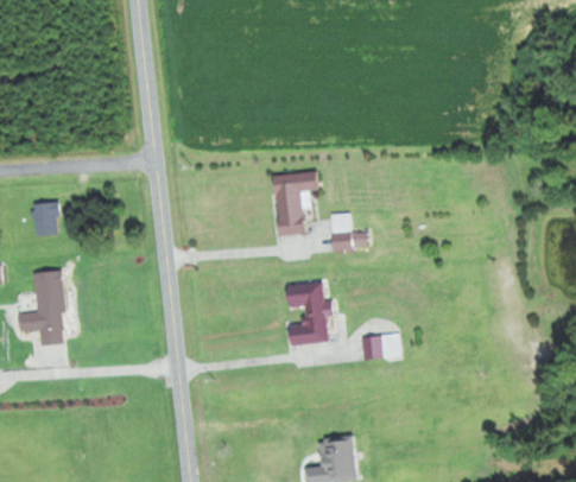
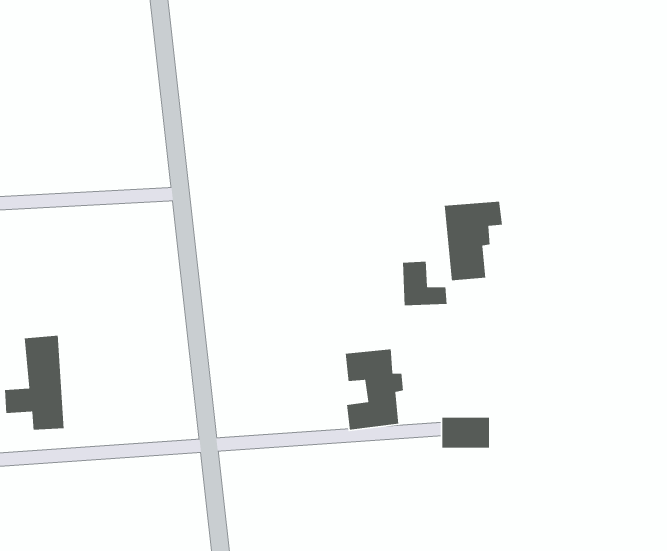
building: [271,171,317,234] -> [444,201,503,281]
building: [34,202,58,234] -> none

